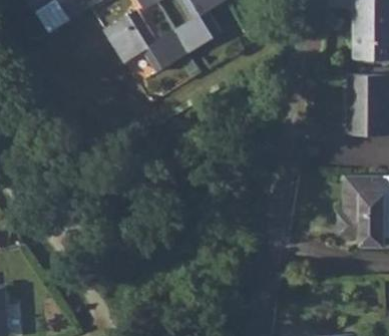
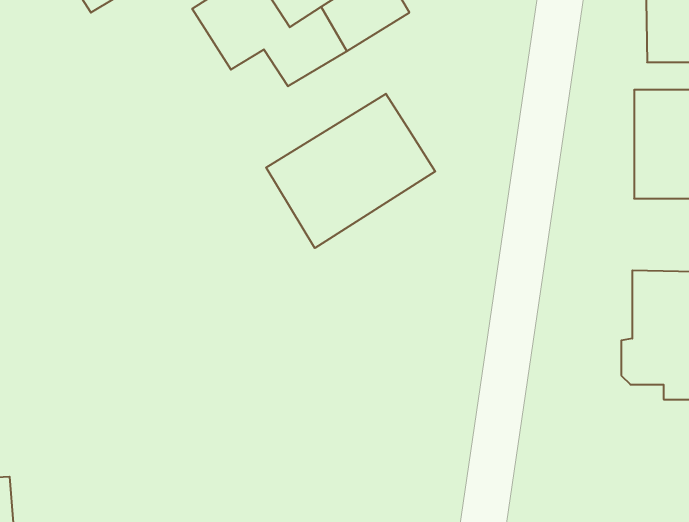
building: none -> [266,94,435,248]

